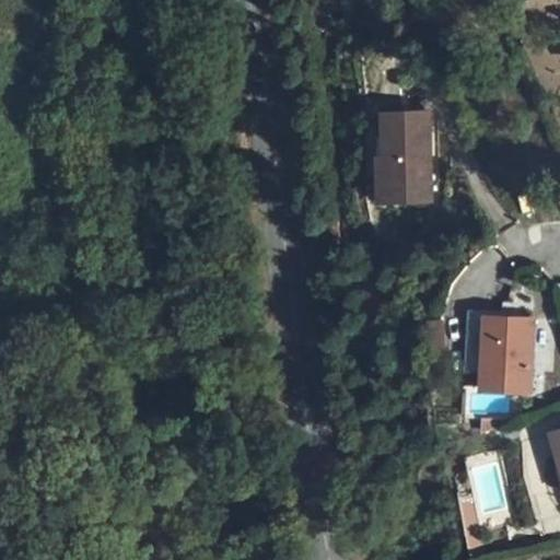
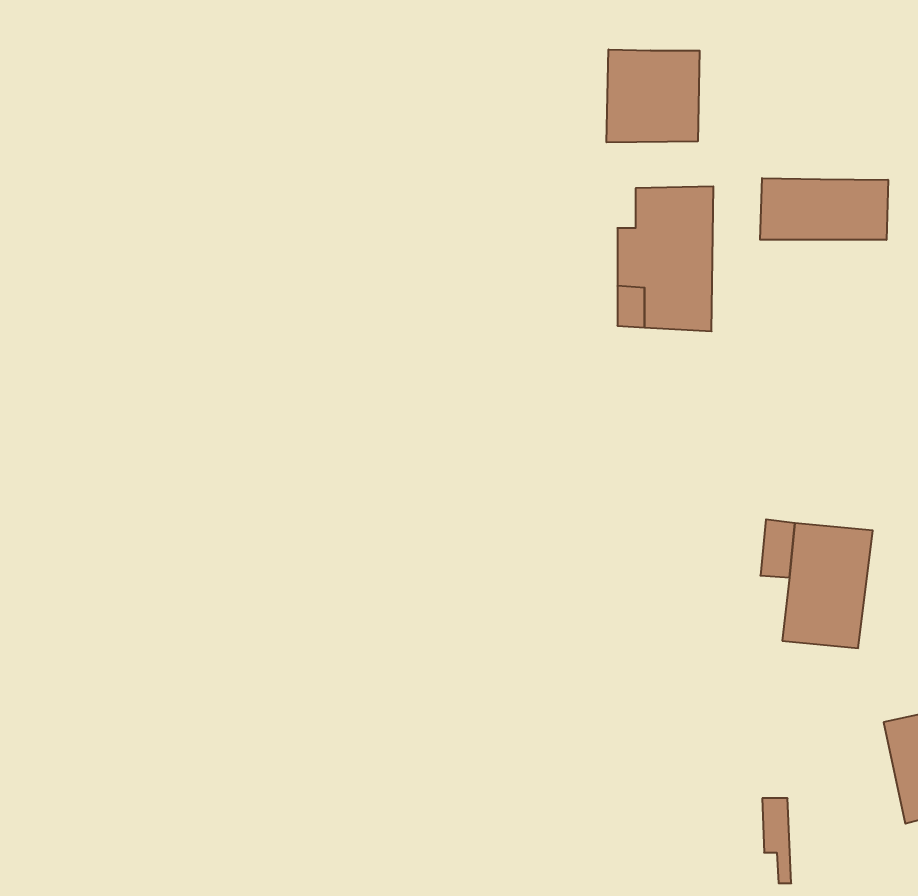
building: none -> [607,49,700,142]
building: none -> [760,178,888,240]

